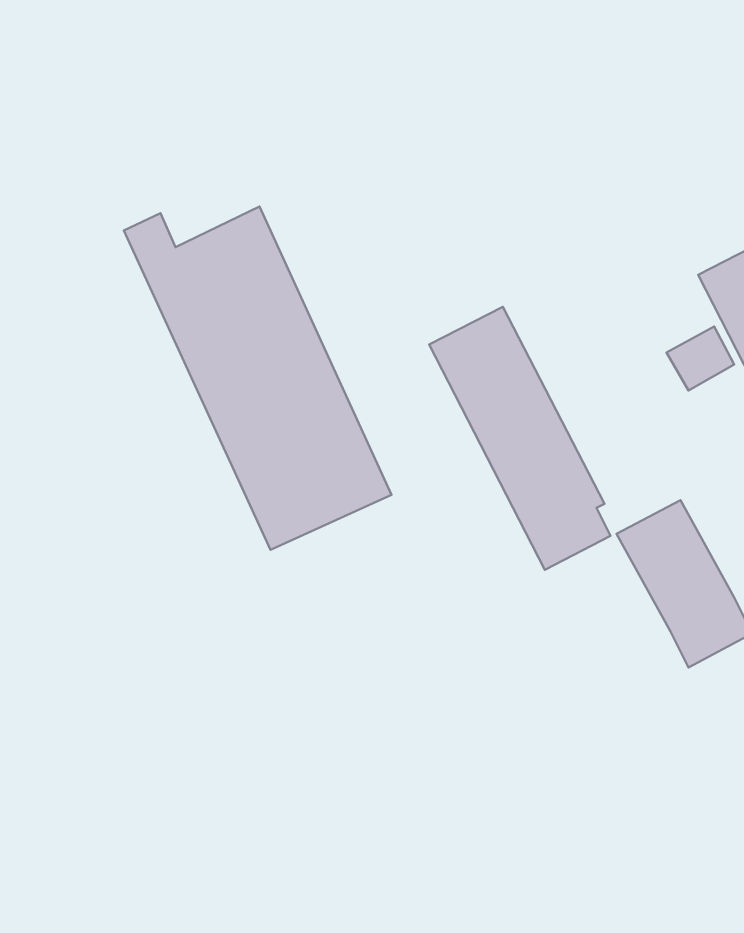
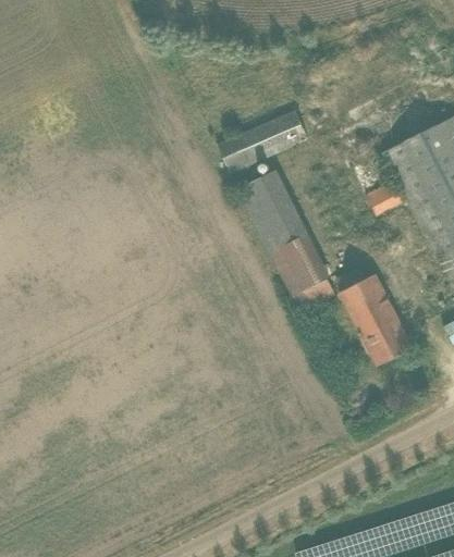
building: none -> [218,108,308,174]
building: [124,206,392,550] -> none

